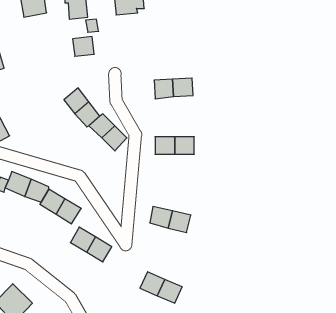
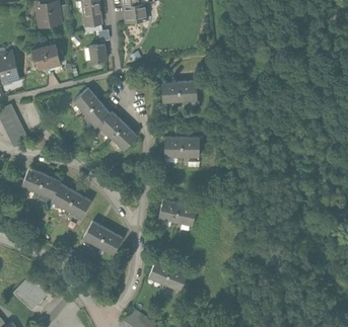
building: none -> [30,43,58,67]

